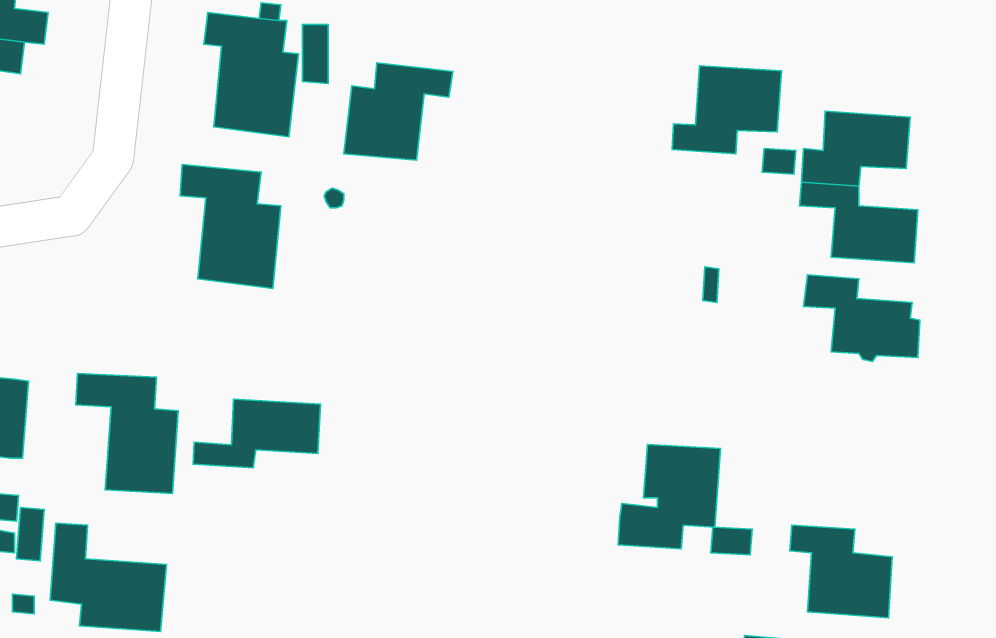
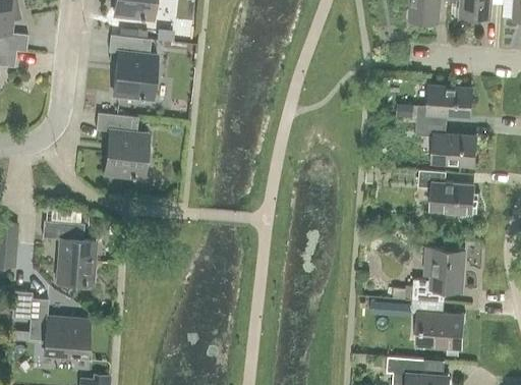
building: [344,63,453,160] -> none
building: [672,66,782,154] -> none
building: [193,399,321,468] -> none
building: [618,444,721,549] -> [411,249,464,303]

